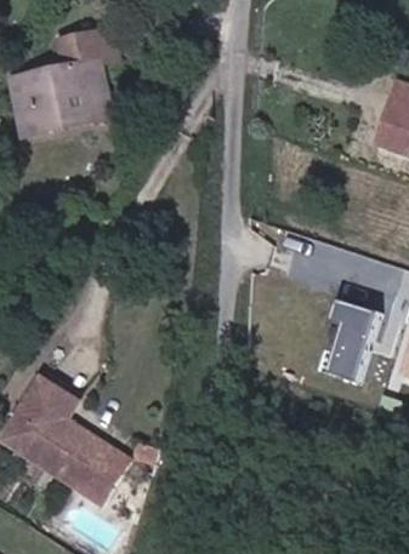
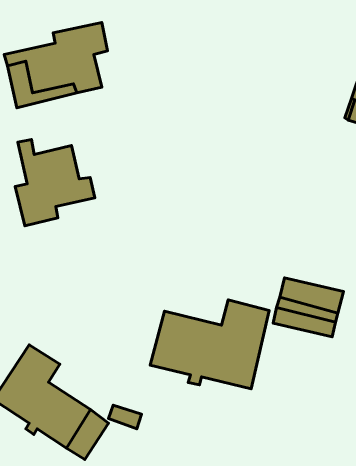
building: none -> [15,140,95,226]
building: none -> [150,300,269,389]

